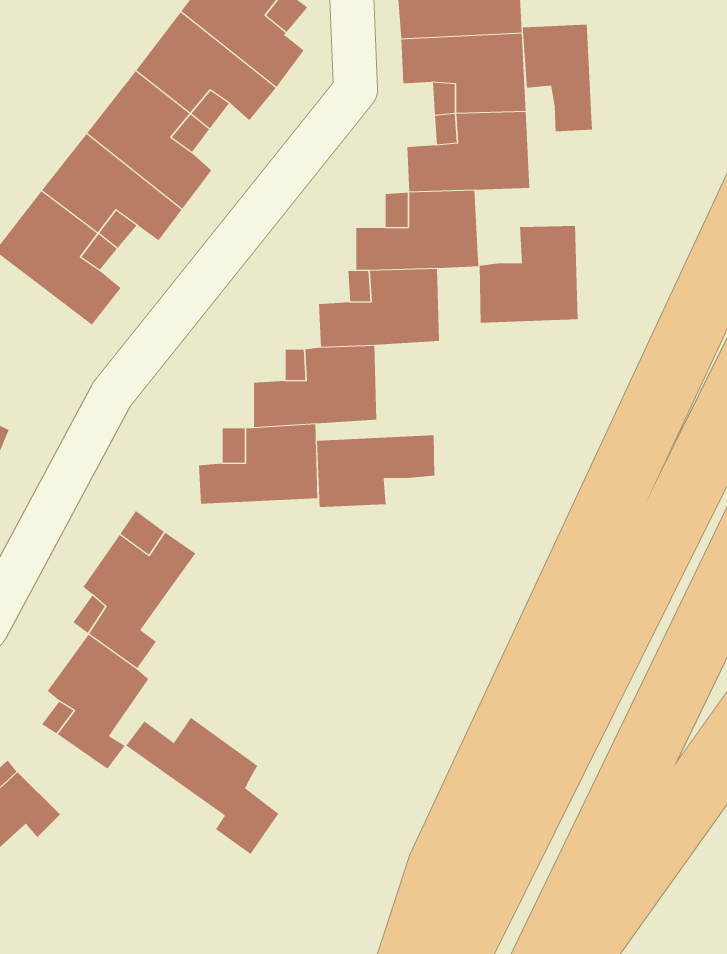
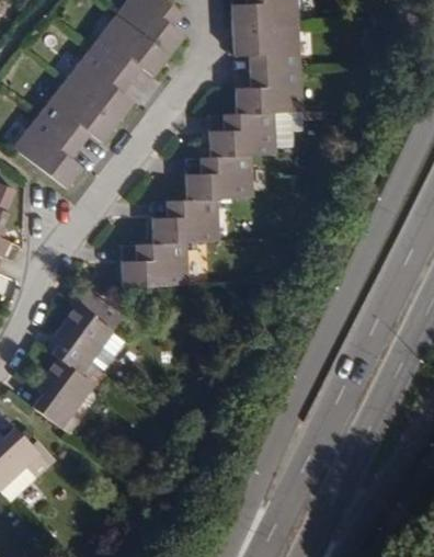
building: [522,24,592,132] -> none
building: [479,225,578,323] -> none
building: [317,434,435,508] -> none
building: [126,717,279,855] -> none

